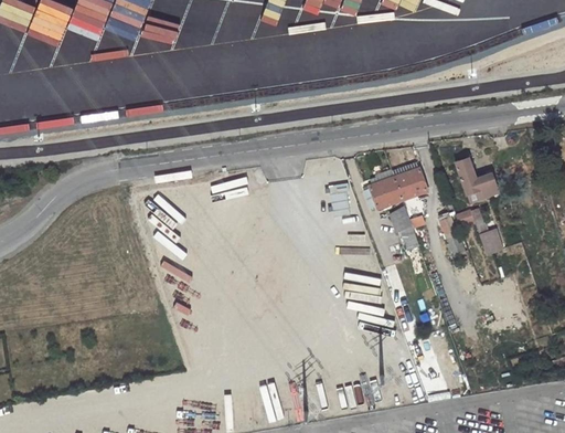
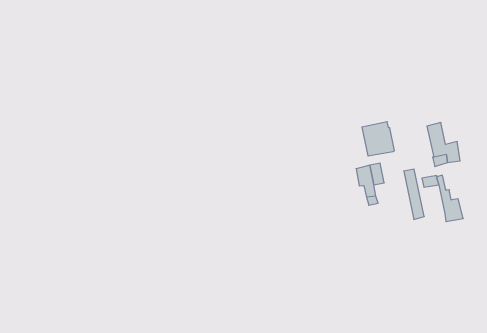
building: [364,169,402,210] -> none

